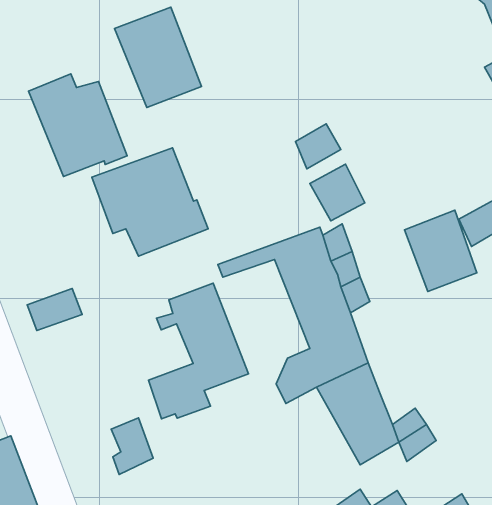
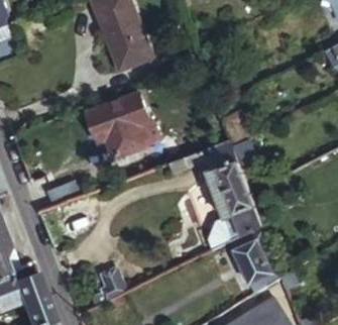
building: [29,74,127,176] -> none
building: [405,210,477,291] -> none
building: [149,283,249,419] -> none

